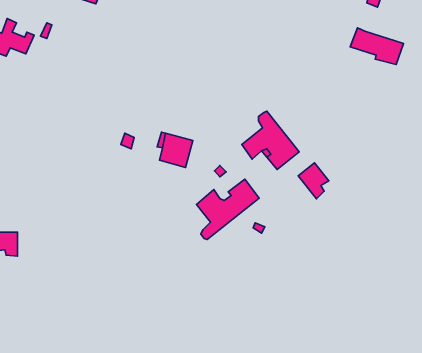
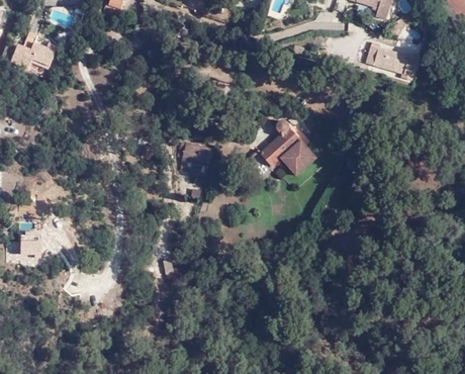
building: [298,163,329,199] -> none
building: [196,179,259,240] -> none

